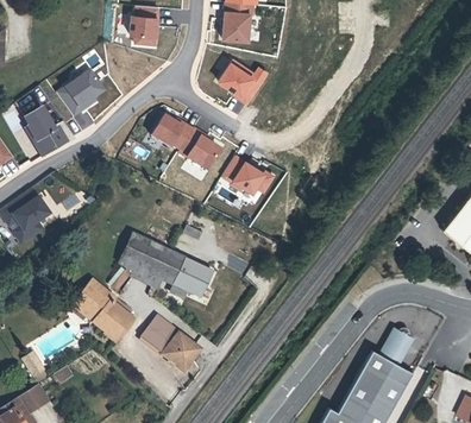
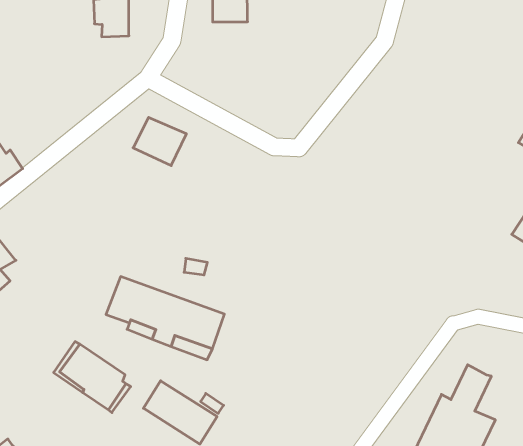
building: [219,63,270,105] -> none
building: [56,68,107,116] -> none
building: [181,127,224,170] -> none
building: [222,153,268,195] -> none

